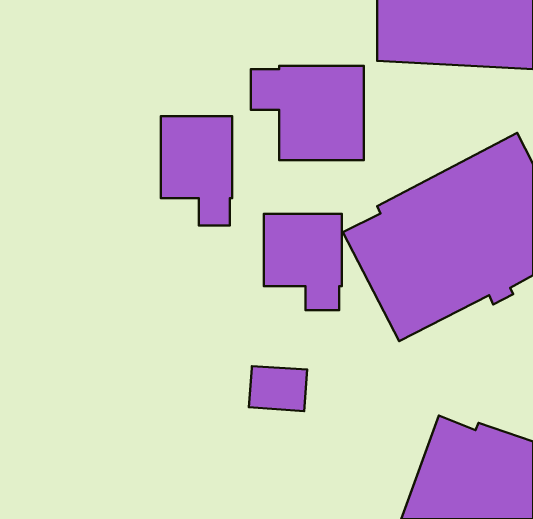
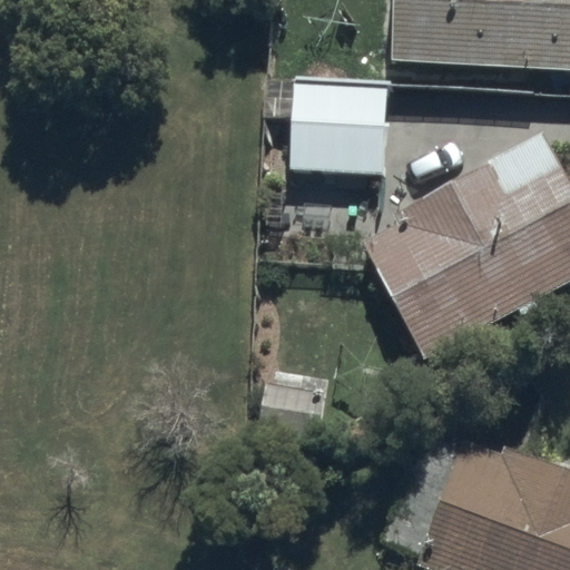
building: [161,116,232,226] -> none
building: [264,214,342,310] -> none

